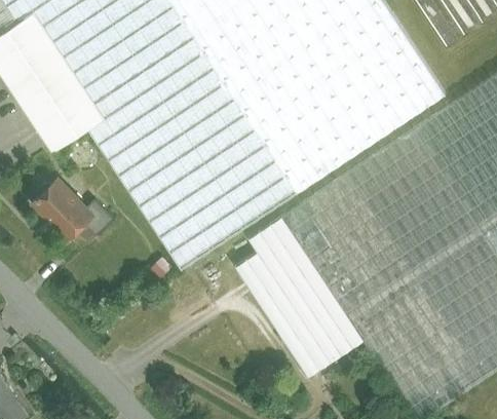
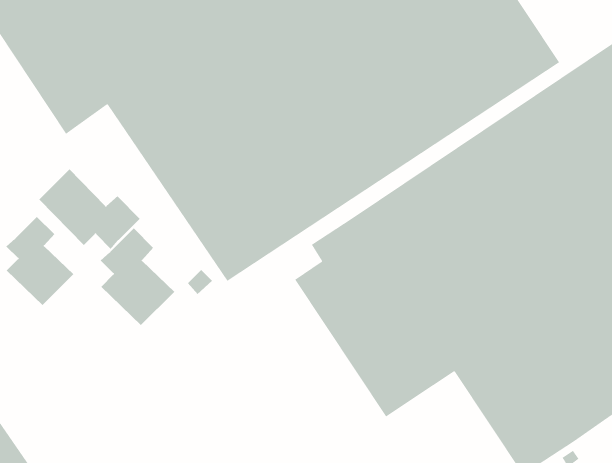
building: none -> [6,216,74,306]
building: none -> [100,228,175,326]

